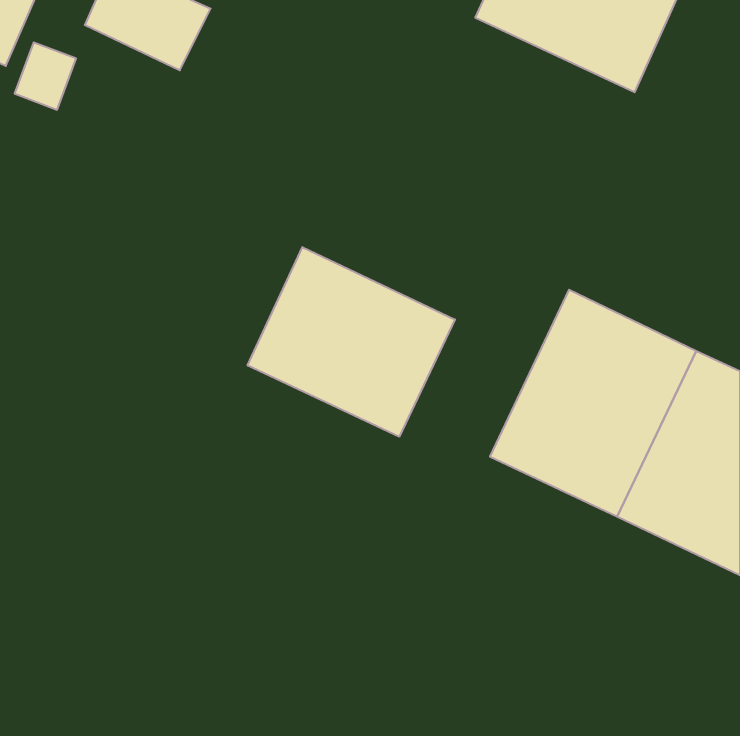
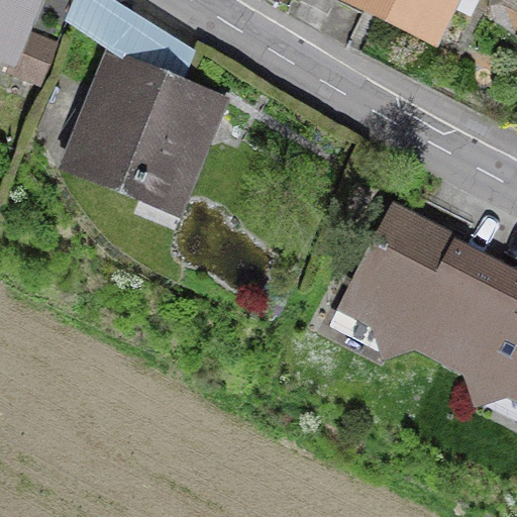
building: none -> [66,54,221,205]
building: [248,247,455,437] -> none

